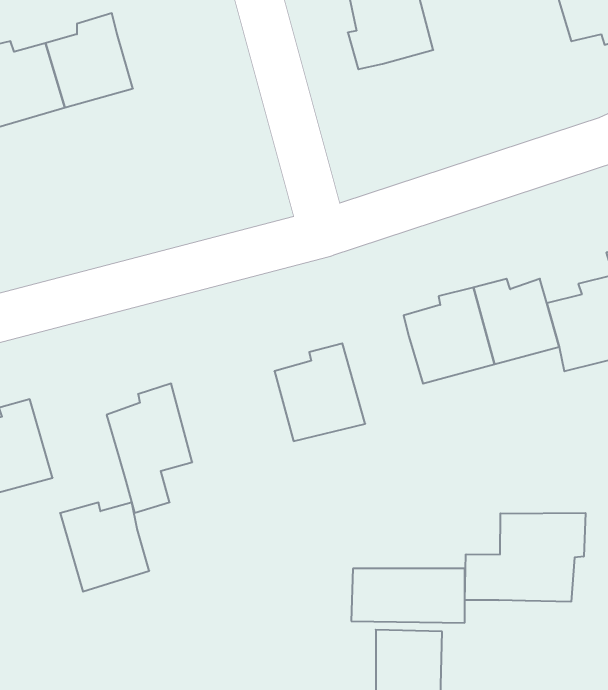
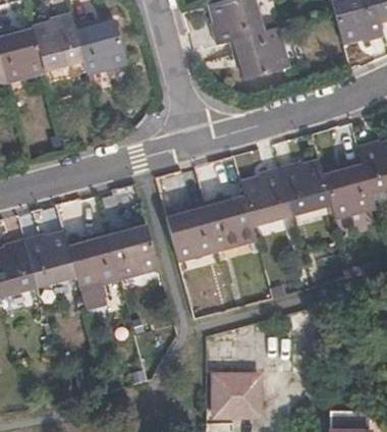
building: none -> [74,18,126,69]
building: none -> [229,30,282,80]
building: none -> [206,200,256,252]
building: none -> [106,223,157,274]
building: [60,503,149,592] -> [23,231,75,283]
building: [465,513,585,602] -> none

